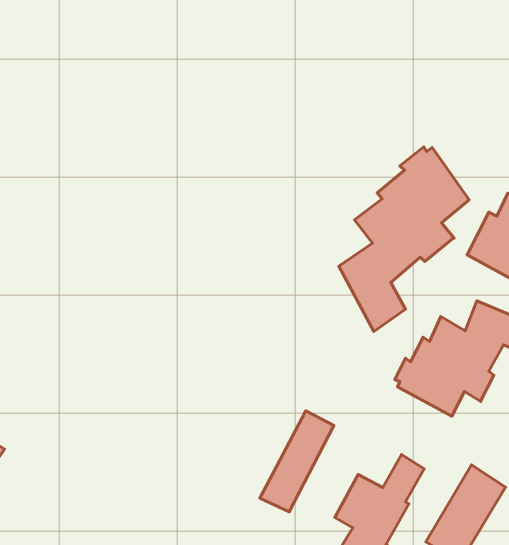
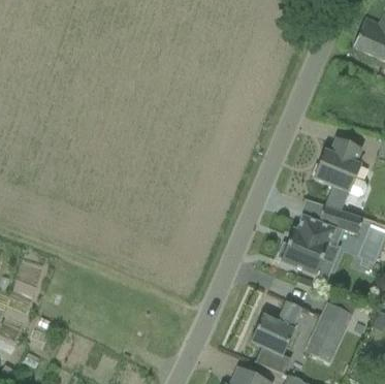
building: [339,147,469,332] -> none
building: [260,411,334,512] -> none

